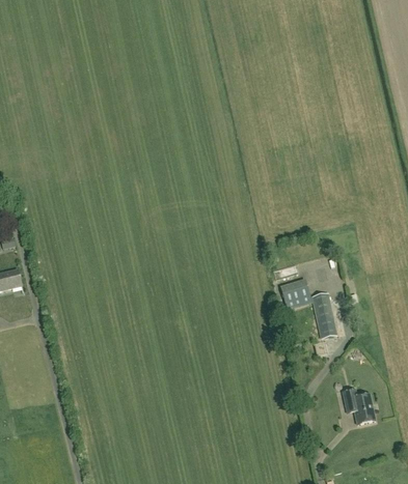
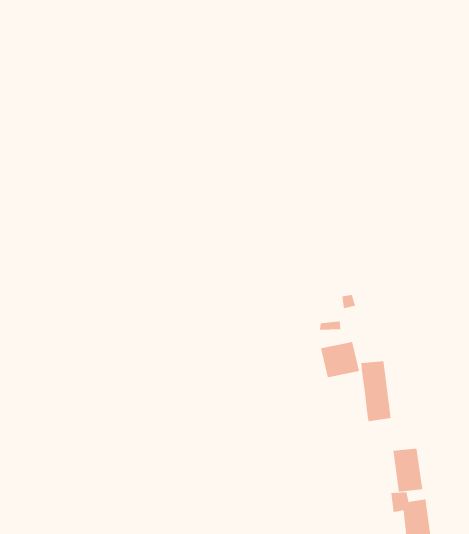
building: none -> [393,448,423,492]

